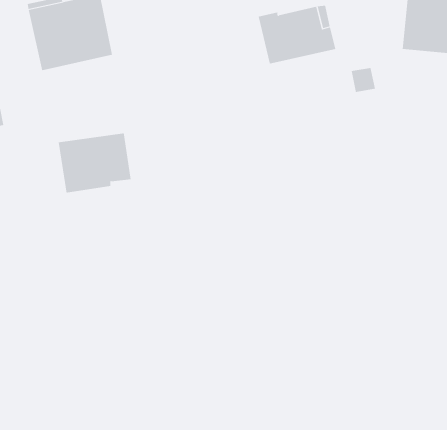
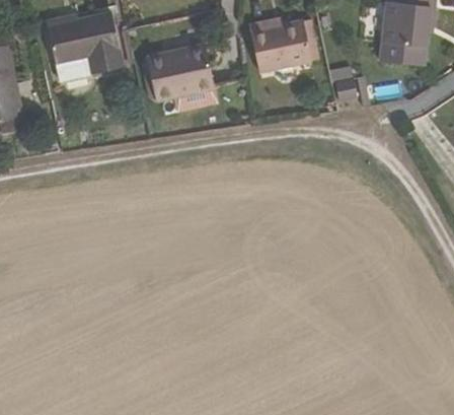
building: [58,133,131,193] -> [148,45,214,98]

